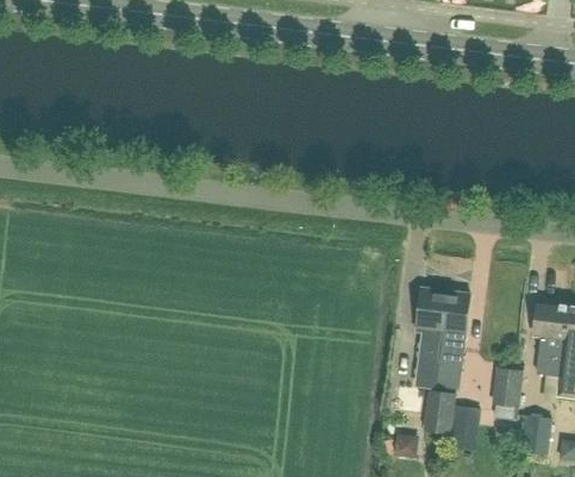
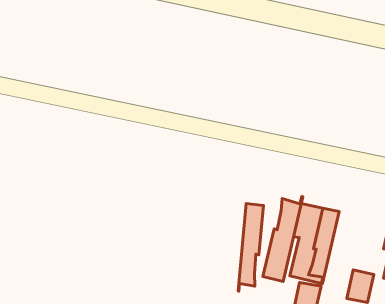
building: none -> [263,196,303,282]
building: none -> [238,203,263,291]

